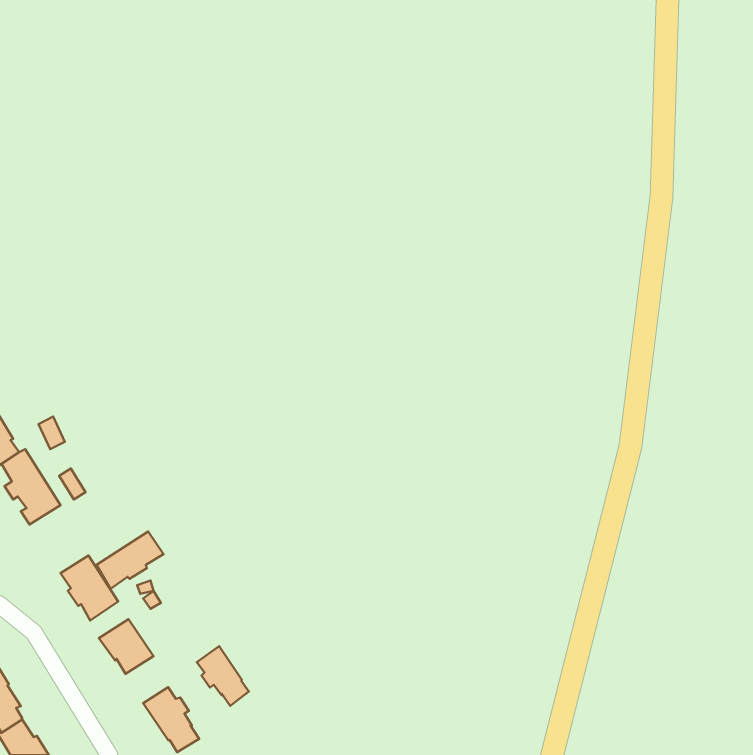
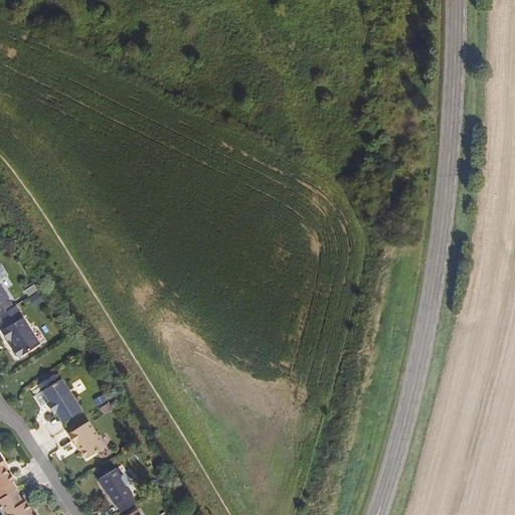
building: [96,531,163,589] -> none
building: [197,646,249,706] -> none

